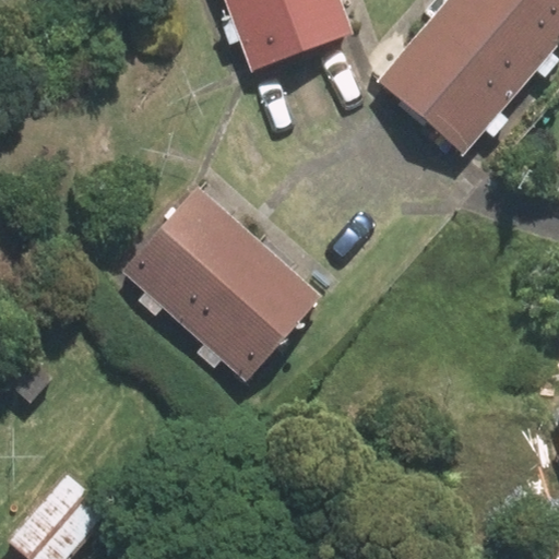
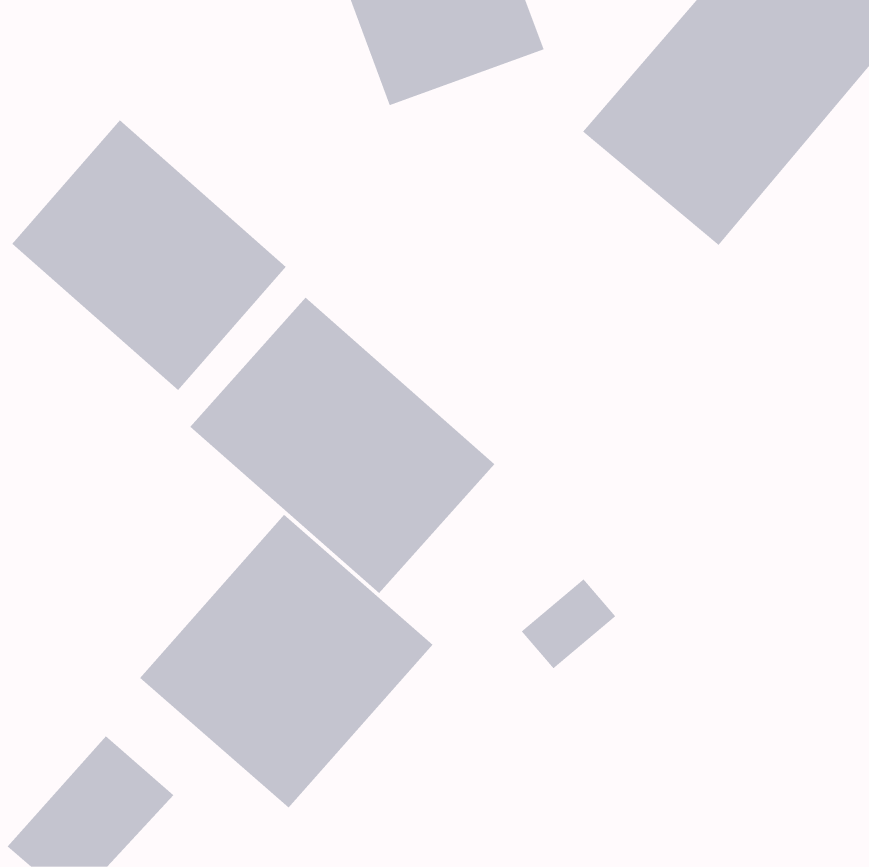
building: none -> [12,120,286,391]
building: none -> [139,514,434,809]

